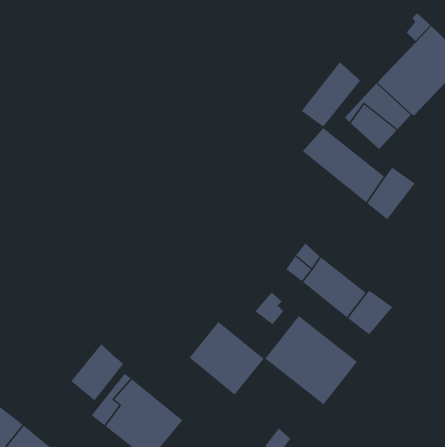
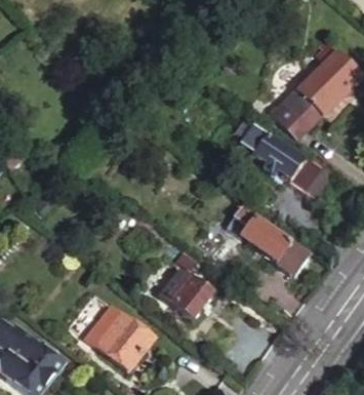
building: [301,62,361,127] -> none
building: [264,315,358,405] -> none
building: [70,343,124,401] -> none

